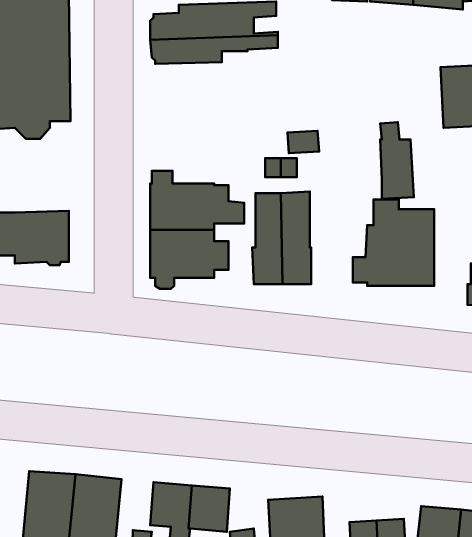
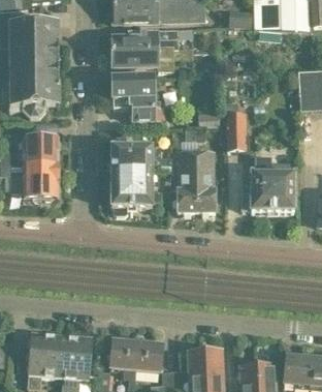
building: none -> [110,76,164,121]
building: [380,122,414,199] -> [226,101,248,151]
building: none -> [23,135,58,164]

